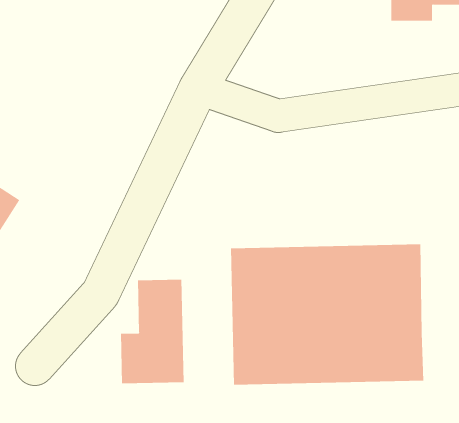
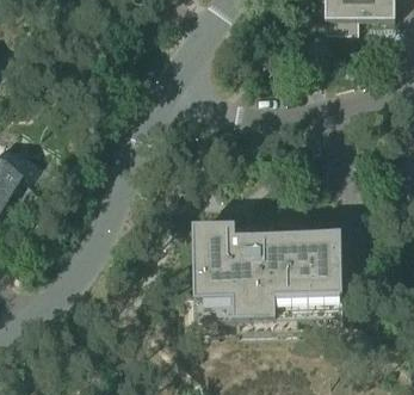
building: [120,279,184,384] -> none

